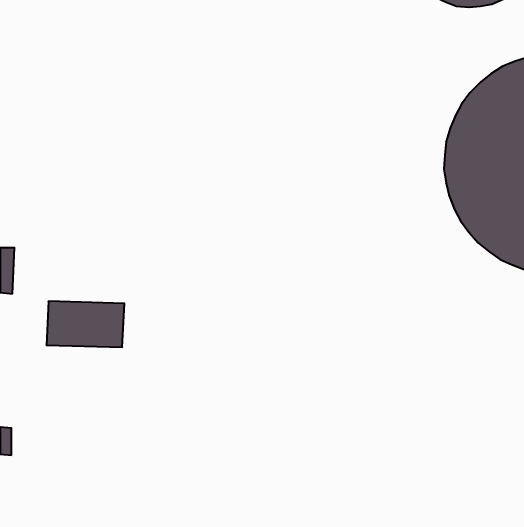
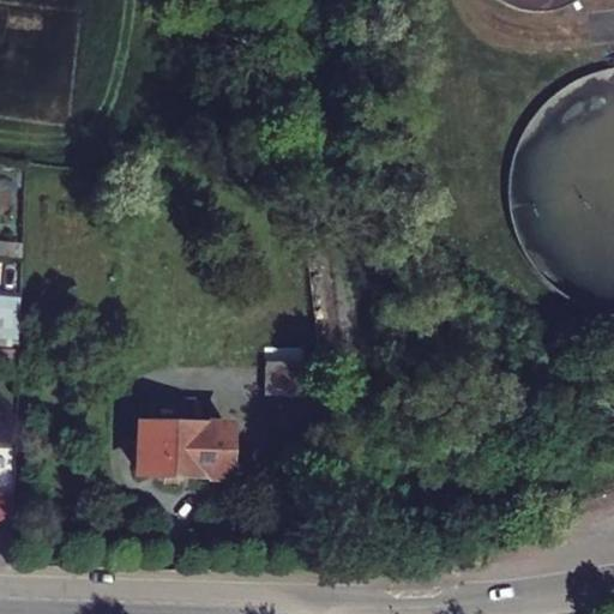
building: [46,301,124,347] -> [146,417,236,470]
building: none -> [272,361,313,390]

